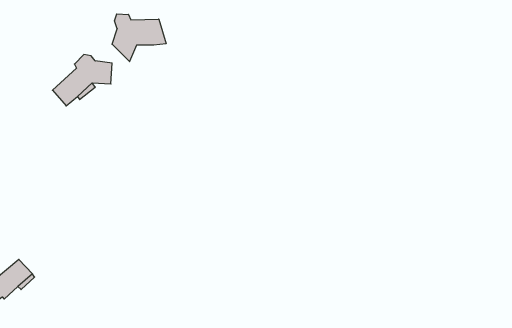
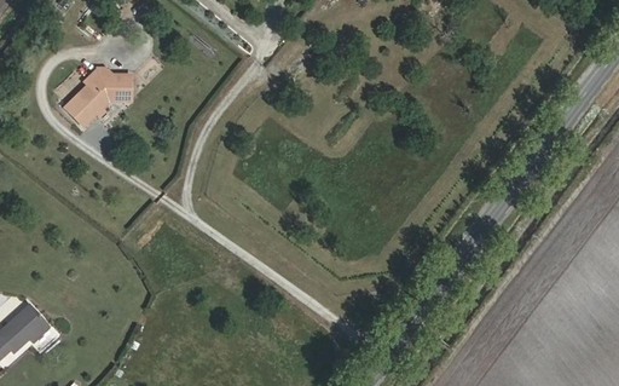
building: [112,14,166,62] -> none

